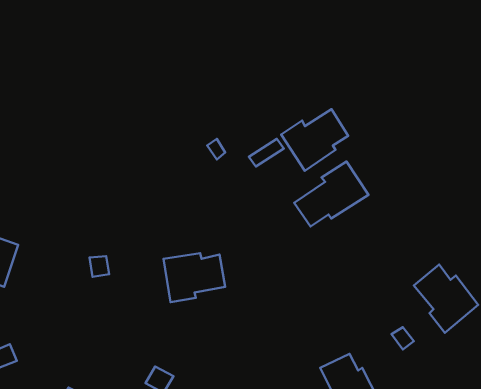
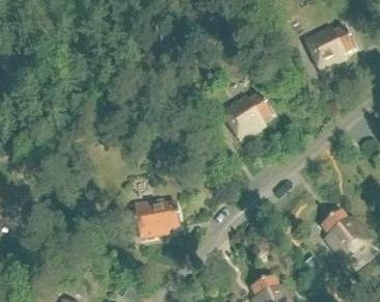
building: none -> [304,25,354,68]
building: [294,161,368,227] -> none

